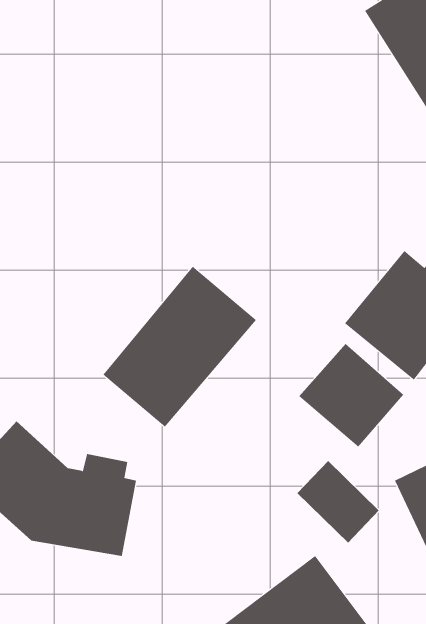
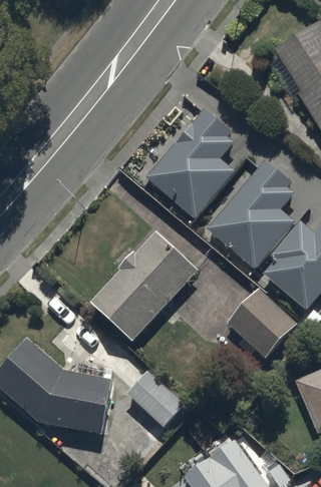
building: none -> [146,107,236,219]
building: none -> [207,158,295,271]
building: [297,460,380,543] -> [127,371,186,429]

